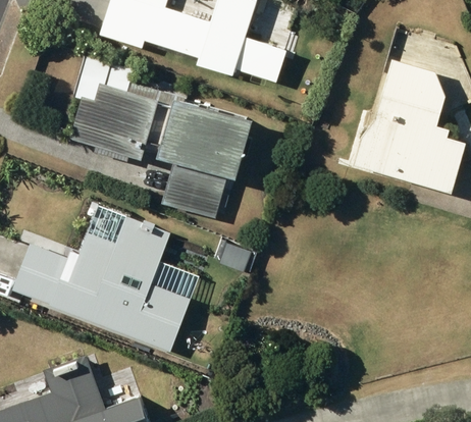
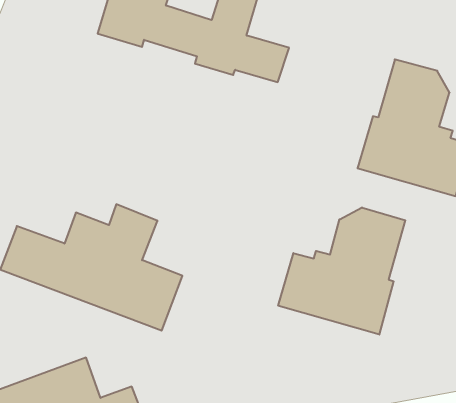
building: [69,86,251,221] -> none
building: none -> [278,207,405,335]

